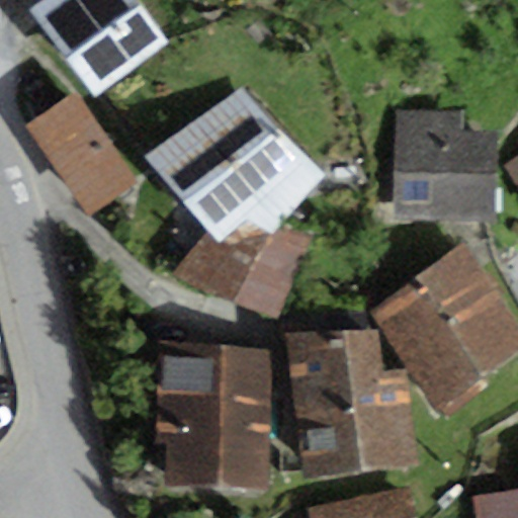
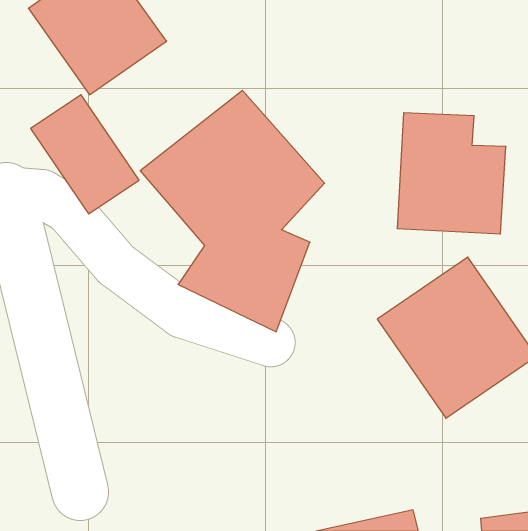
building: [289,337,413,477] -> none
building: [160,352,267,486] -> none

